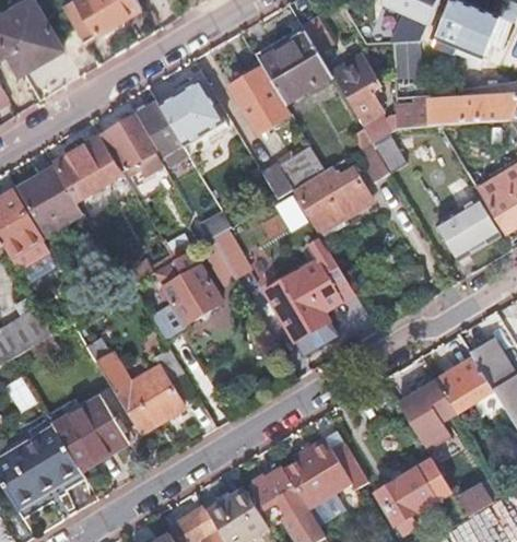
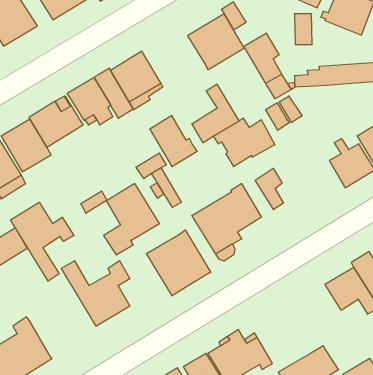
building: [230,68,291,133] -> [150,116,197,167]
building: none -> [255,168,283,210]
building: none -> [11,202,74,281]
building: none -> [147,230,211,296]
building: [398,380,456,449] -> none
building: [55,400,127,471] -> none

